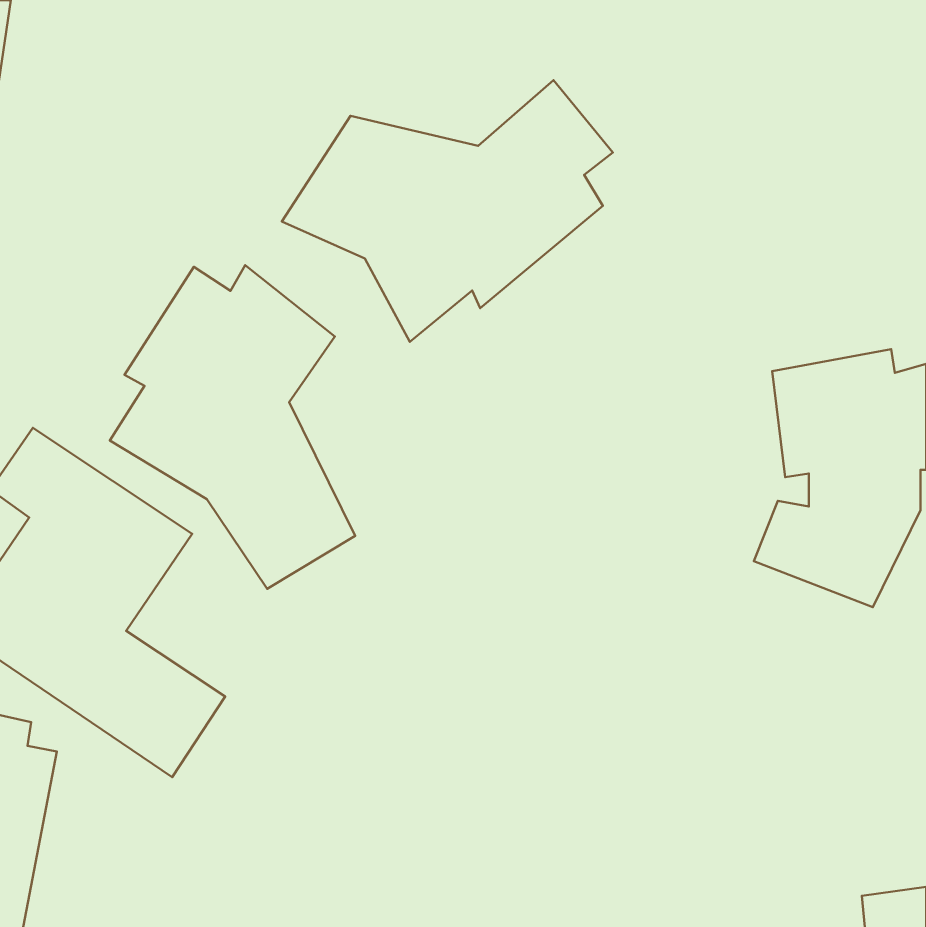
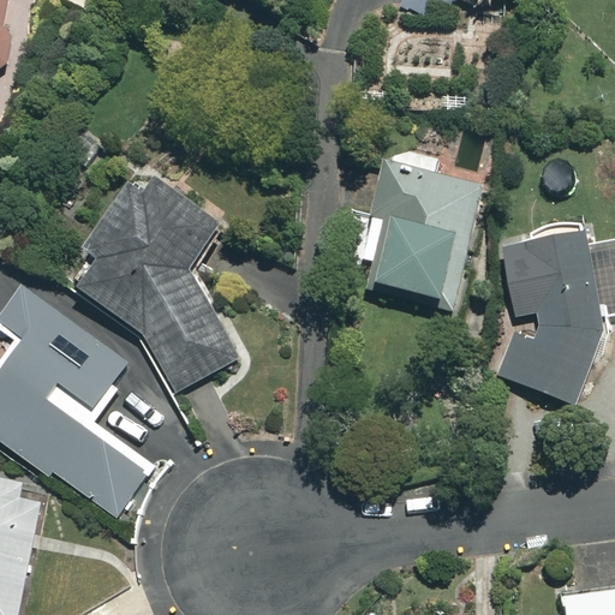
building: [282,80,613,342] -> none
building: none -> [368,155,490,304]

